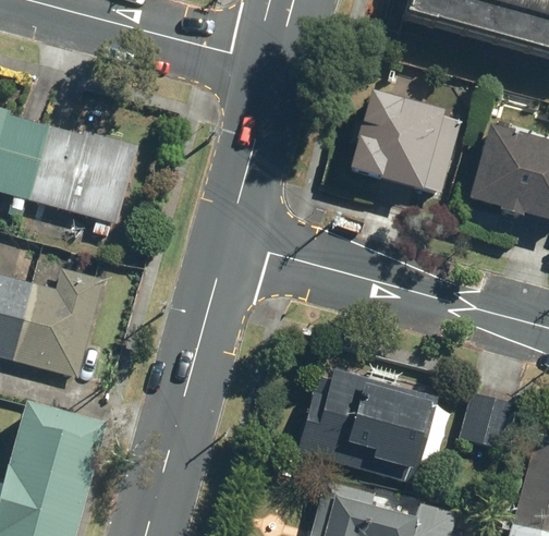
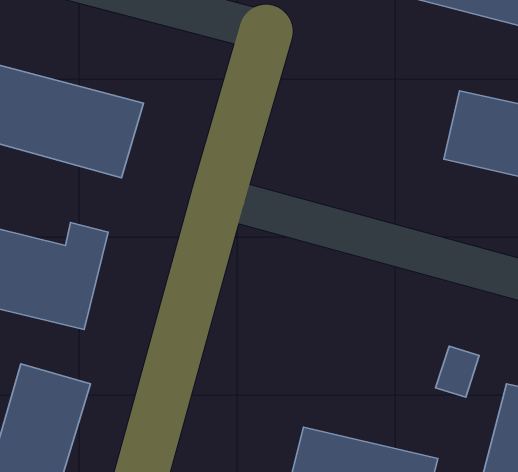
building: [333,92,461,198] -> none
building: [295,365,422,478] -> none

